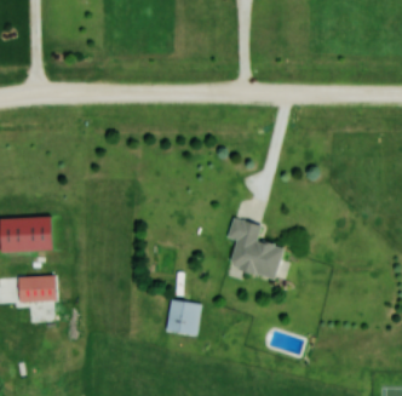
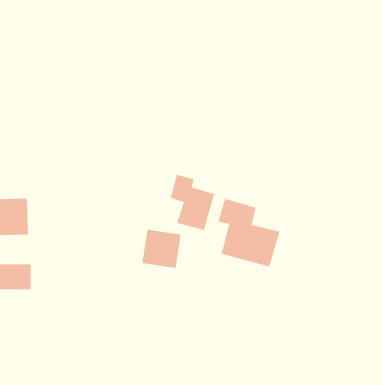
building: none -> [170,174,215,231]
building: [166,299,202,335] -> [141,229,182,269]

